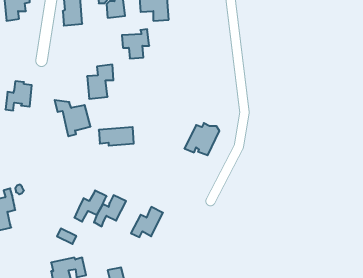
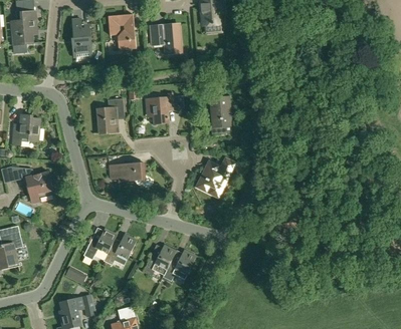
building: [122,29,149,58] -> [146,93,174,123]
building: none -> [211,96,231,133]
building: [55,100,91,136] -> [17,168,54,205]
building: none -> [162,250,196,282]

